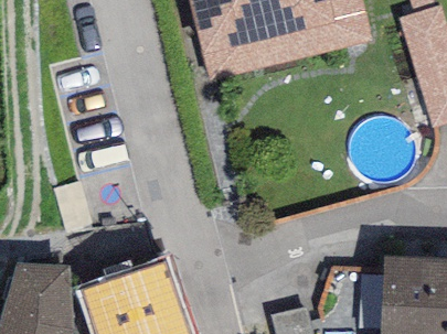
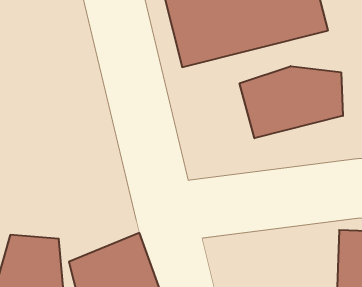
building: none -> [240,66,343,138]

